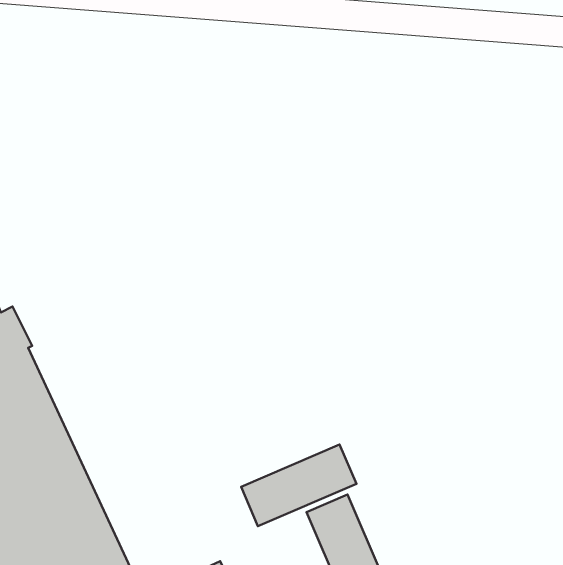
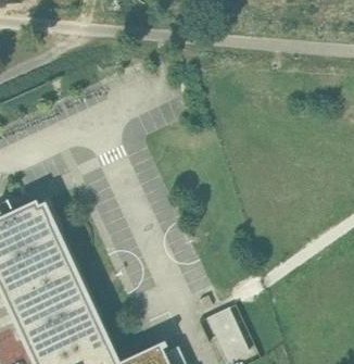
building: [241,445,356,526] -> none

